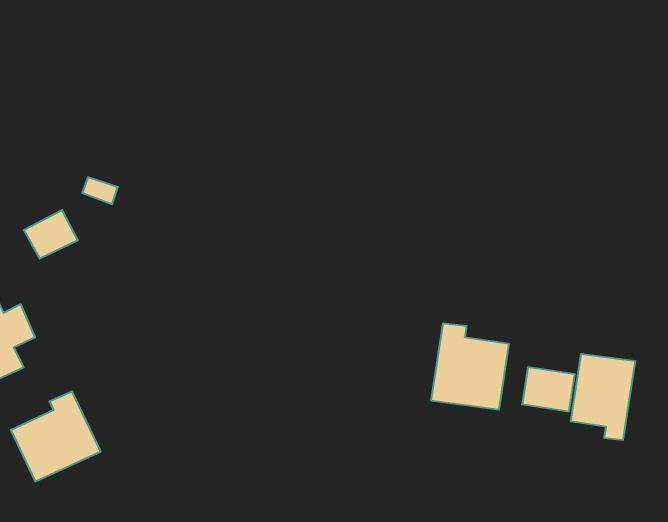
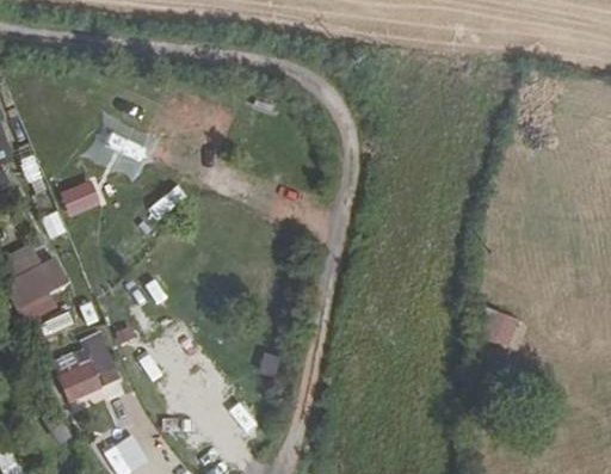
building: [431,323,509,410] -> none
building: [571,354,635,440] -> none

